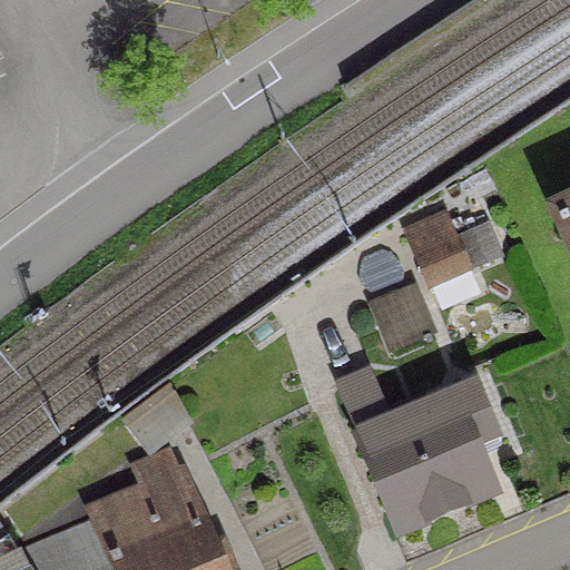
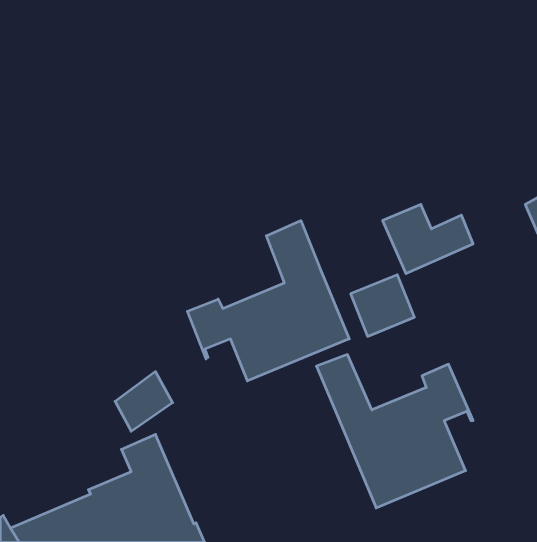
building: none -> [187,221,349,381]

